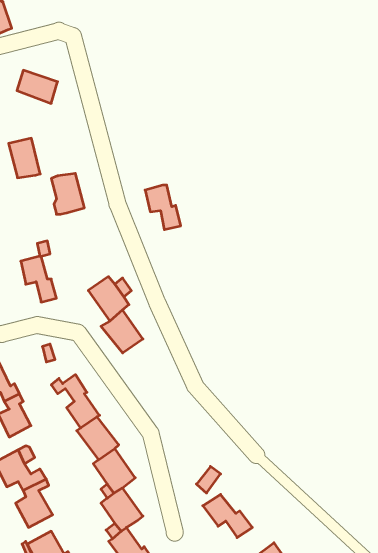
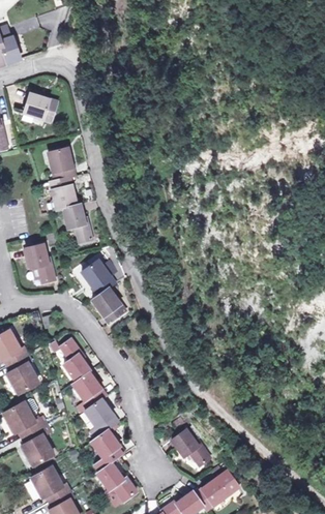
building: [9,138,40,178] -> [49,146,75,178]
building: [145,185,181,230] -> [63,204,92,240]

